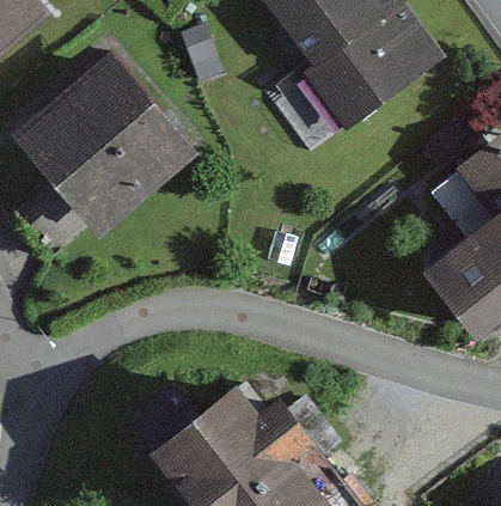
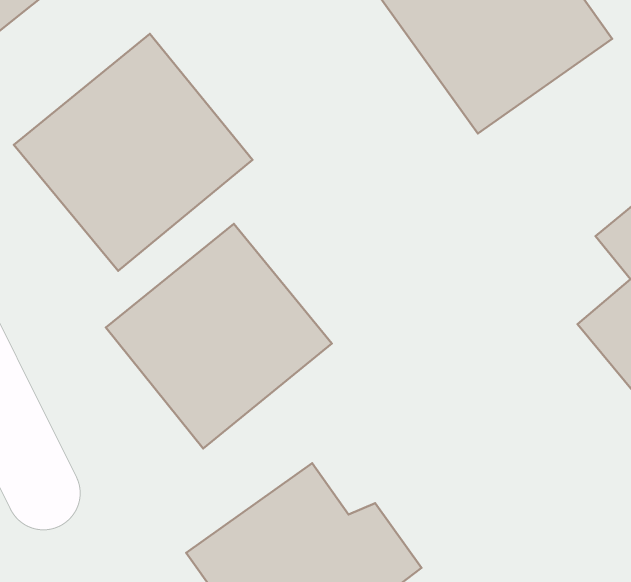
building: none -> [106,224,332,449]

